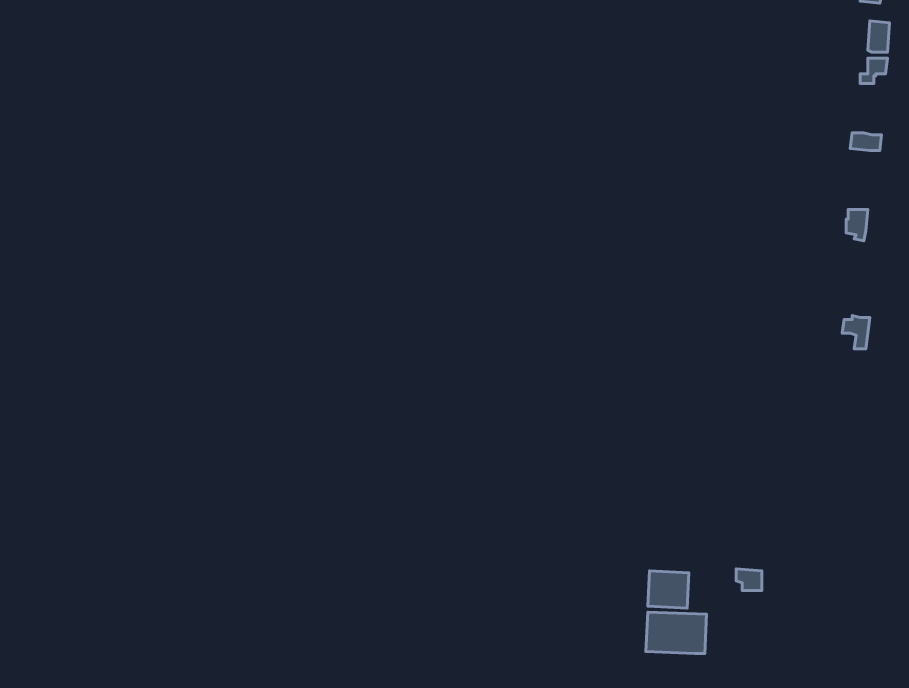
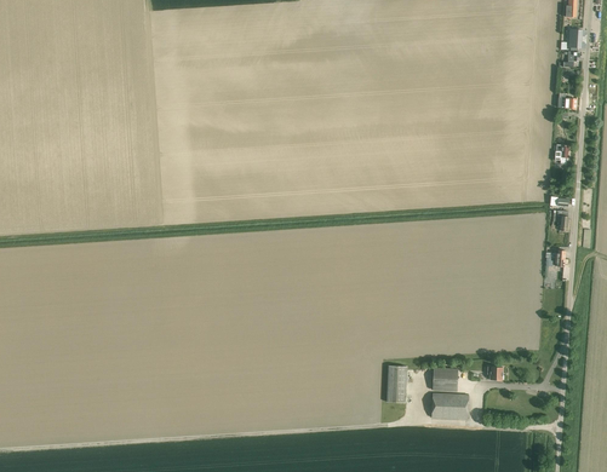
building: none -> [386,364,407,402]

